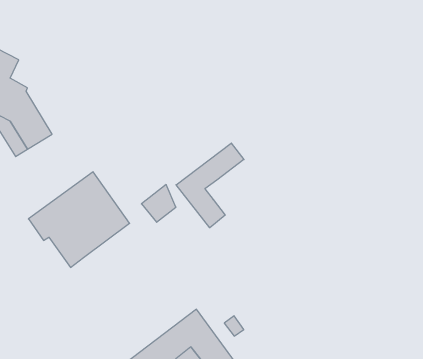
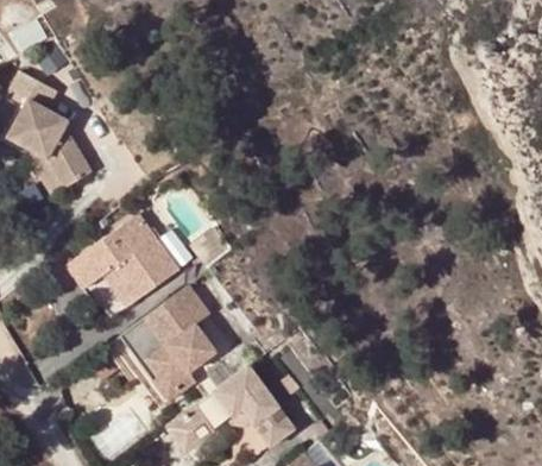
building: [176,143,244,228] -> none
building: none -> [114,285,216,405]

